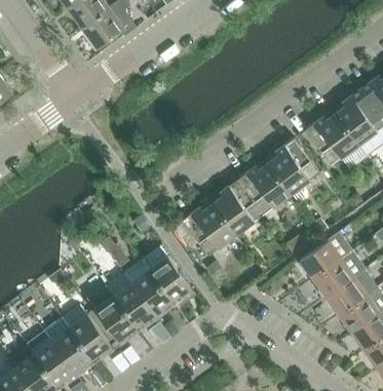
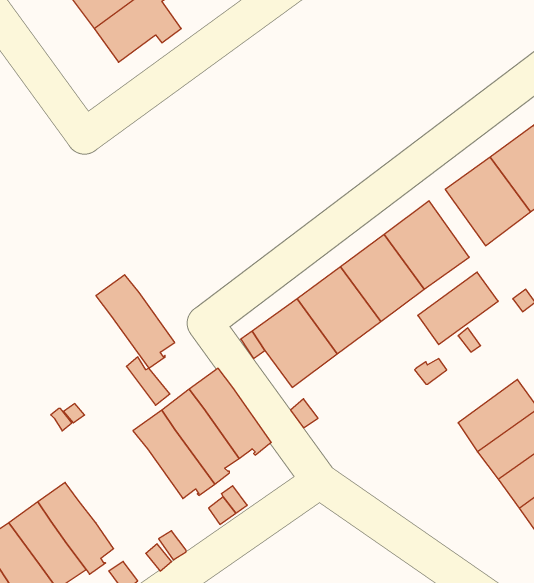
building: [300,233,351,279] -> [418,272,498,345]
building: [87,284,138,344] -> [96,275,175,368]
building: [63,304,115,359] -> none

